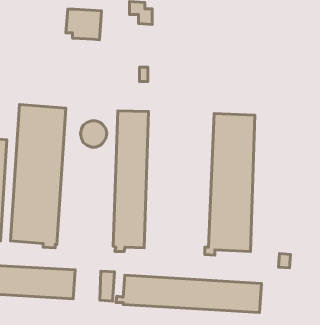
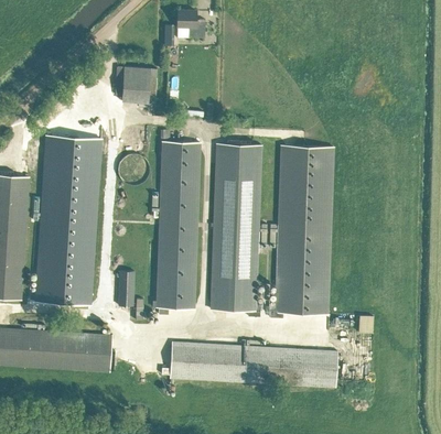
building: [66,9,101,40] -> [115,66,158,104]
building: none -> [212,139,262,316]
building: [100,271,114,301] -> [118,270,136,306]

